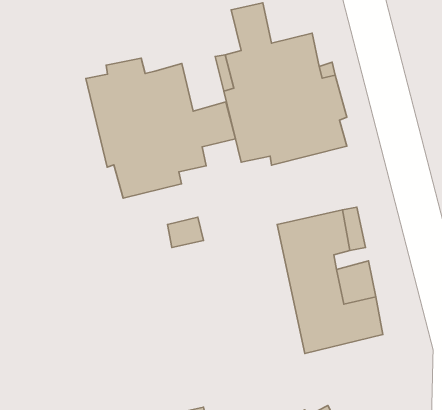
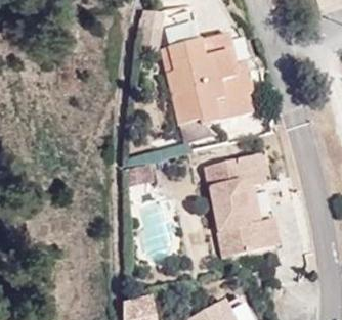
building: [86,58,235,198] -> none

